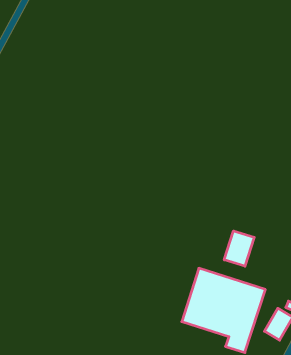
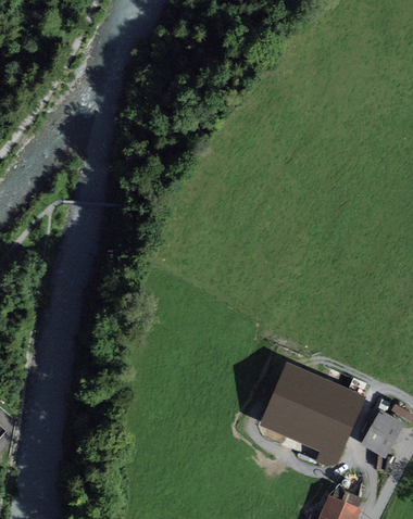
building: [224,231,254,266] -> none

